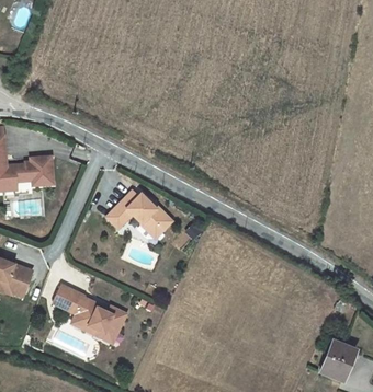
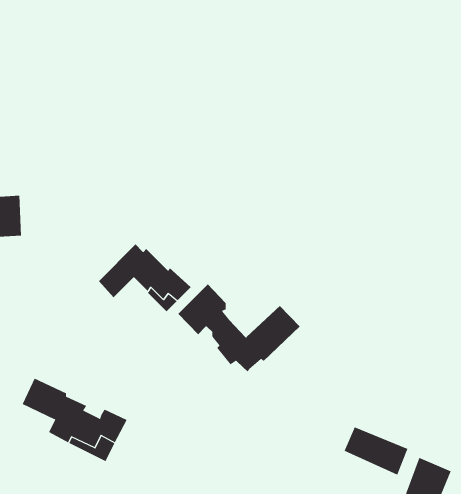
building: none -> [177,284,300,372]
building: none -> [344,426,408,475]

